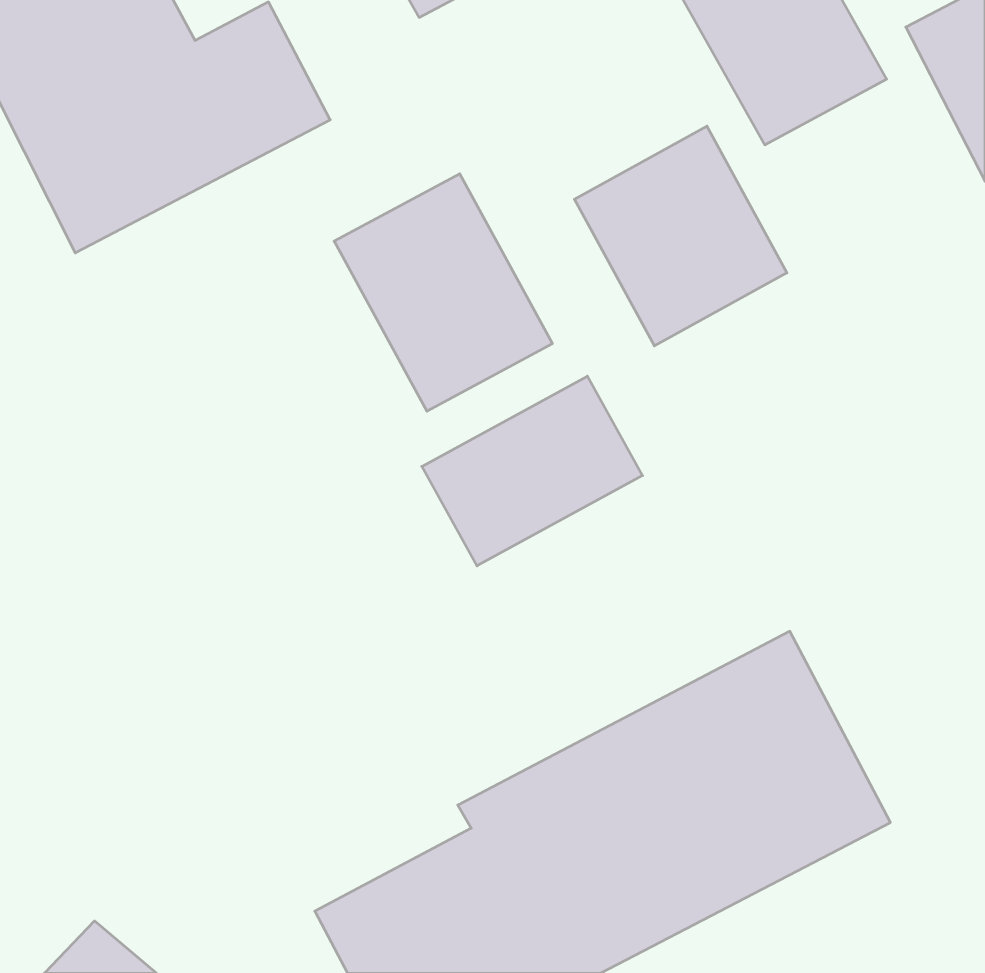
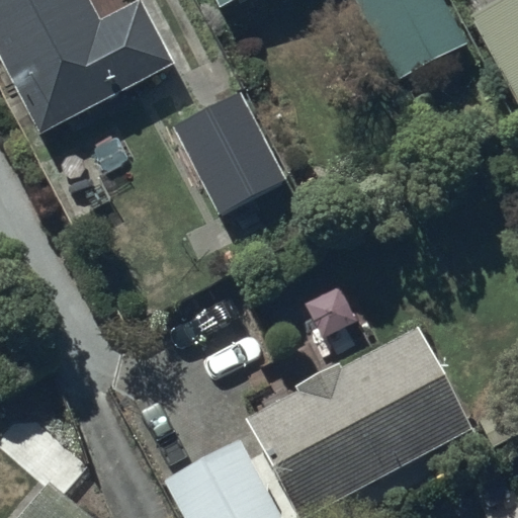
building: [574,126,787,346] -> none
building: [422,376,643,566] -> none

